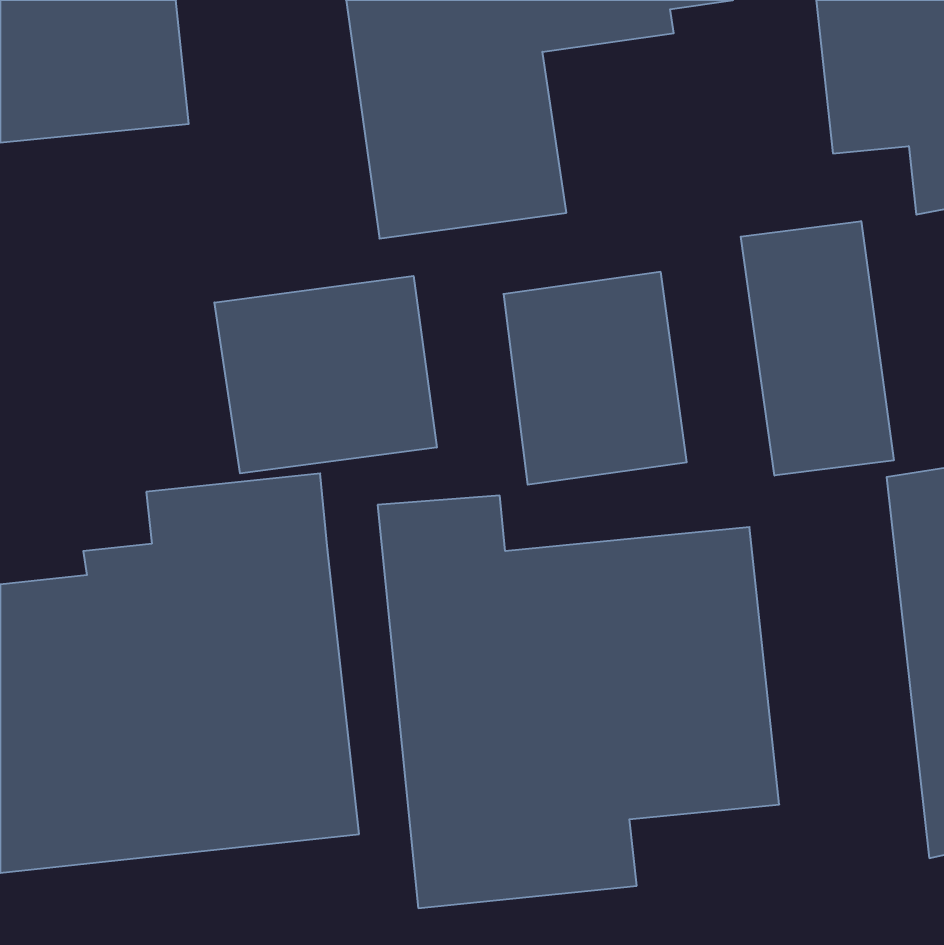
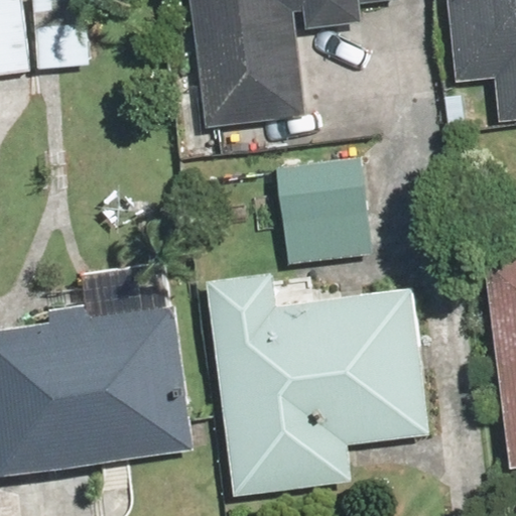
building: [741,221,894,476] -> none
building: [214,276,437,473] -> none

